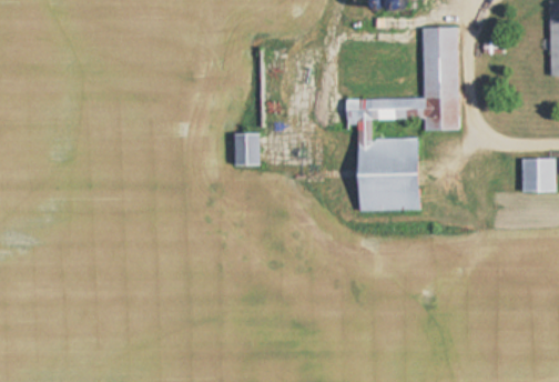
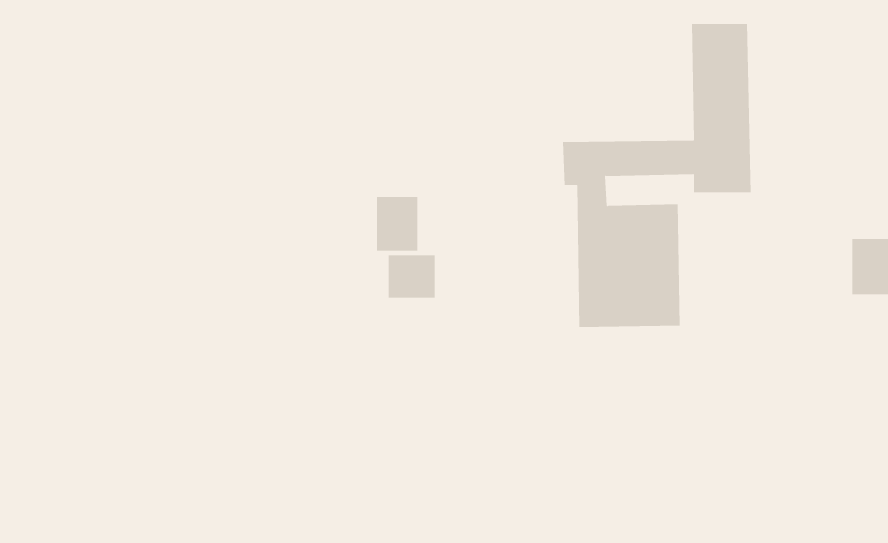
building: none -> [388,255,435,299]

